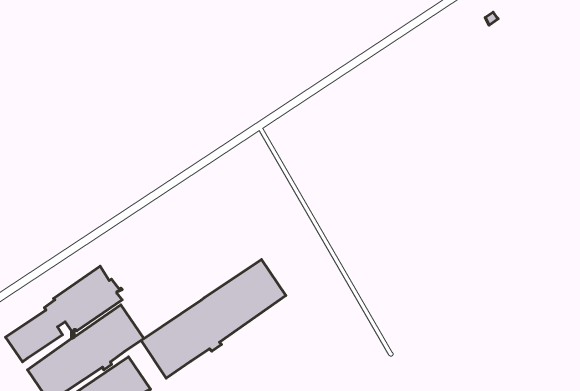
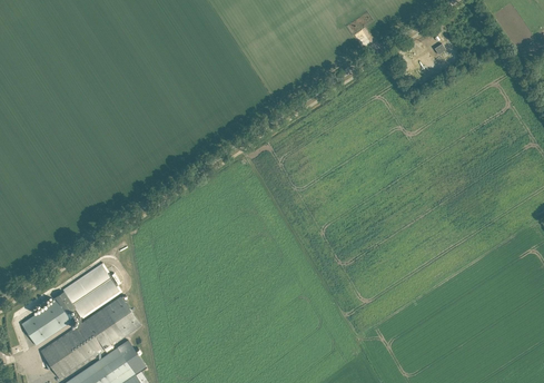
building: [141,260,286,378] -> none

